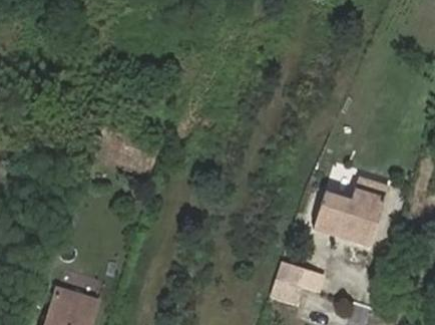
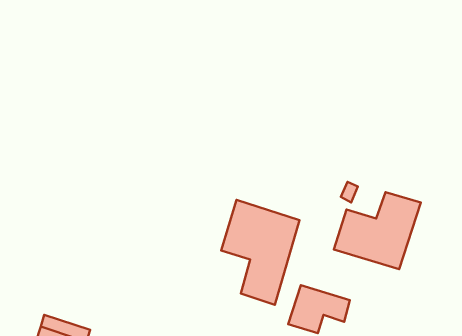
building: none -> [221,200,300,305]

